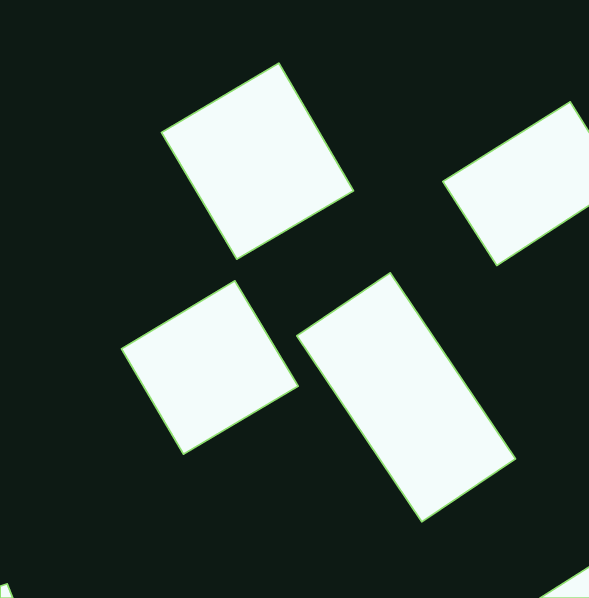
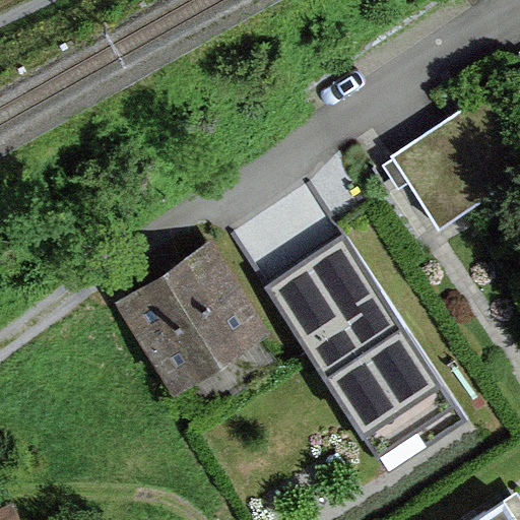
building: [162,63,353,259] -> none

